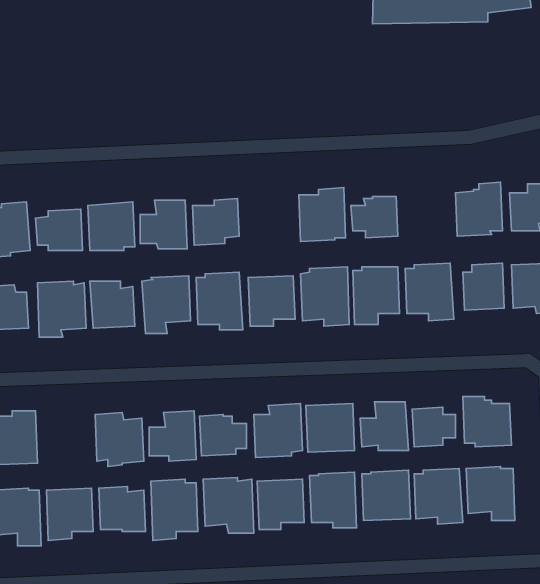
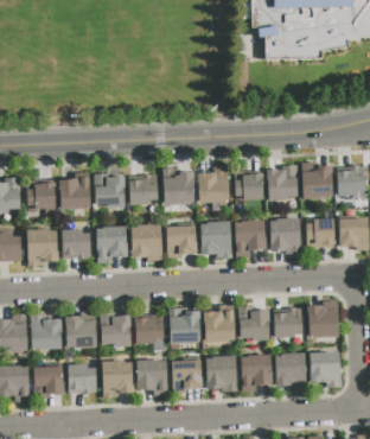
building: none -> [267,165,298,199]
building: none -> [164,171,196,204]
building: none -> [31,314,63,350]

